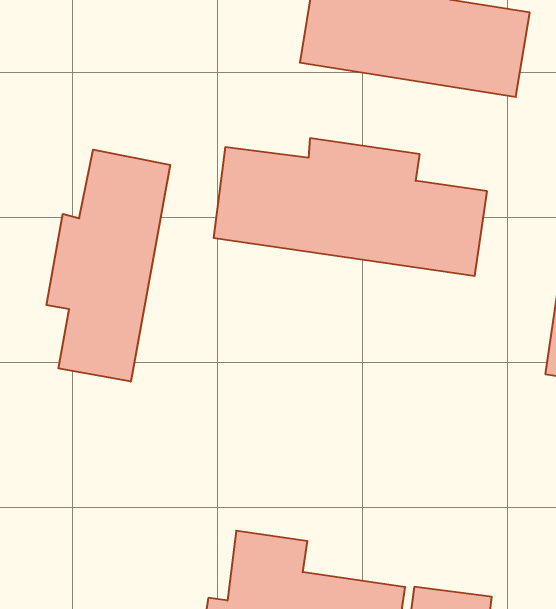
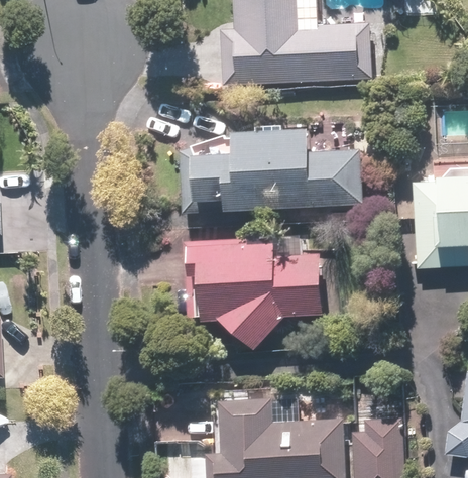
building: [46,150,170,382] -> none
building: none -> [194,239,326,346]

